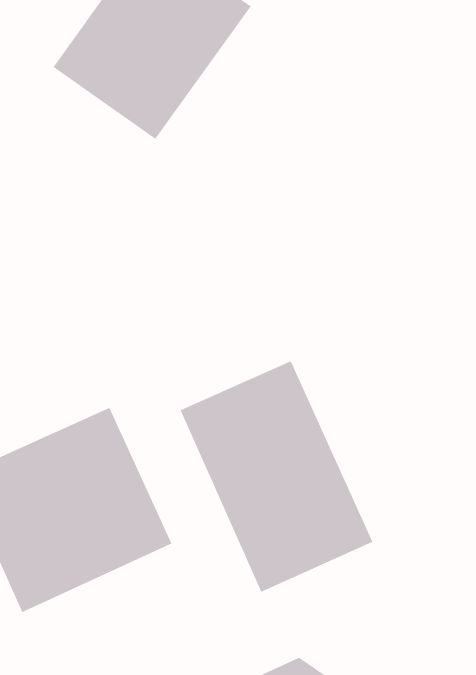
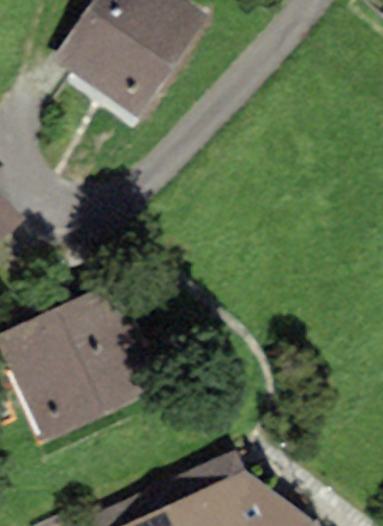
building: [179,360,374,593] -> none

